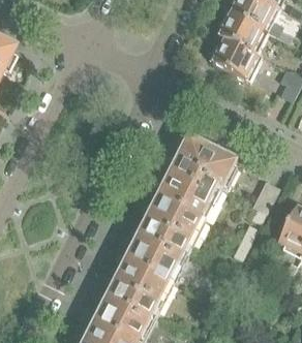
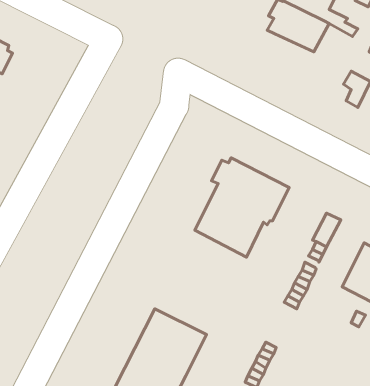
building: [209,38,261,79] -> none
building: [128,195,202,279] -> none

